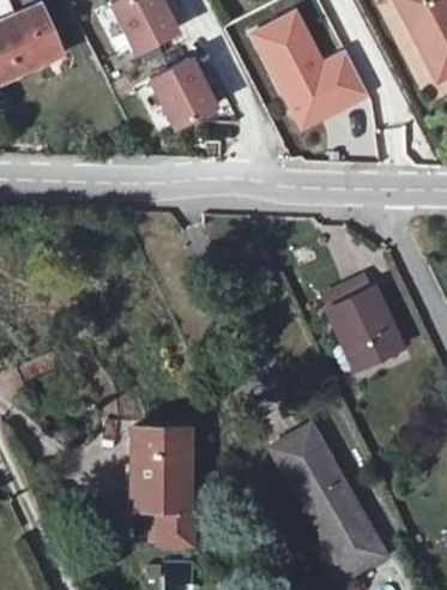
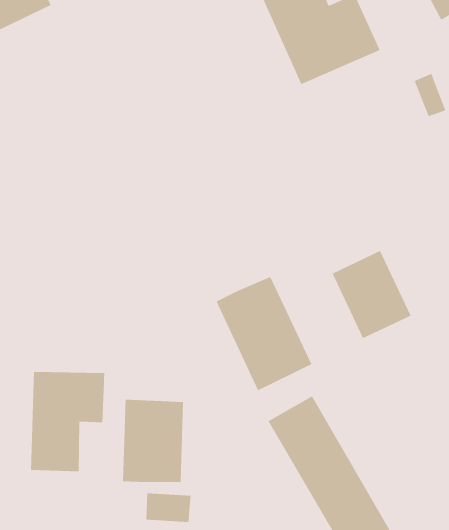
building: [152,60,218,130] -> none
building: none -> [216,276,312,391]
building: none -> [31,371,105,472]

